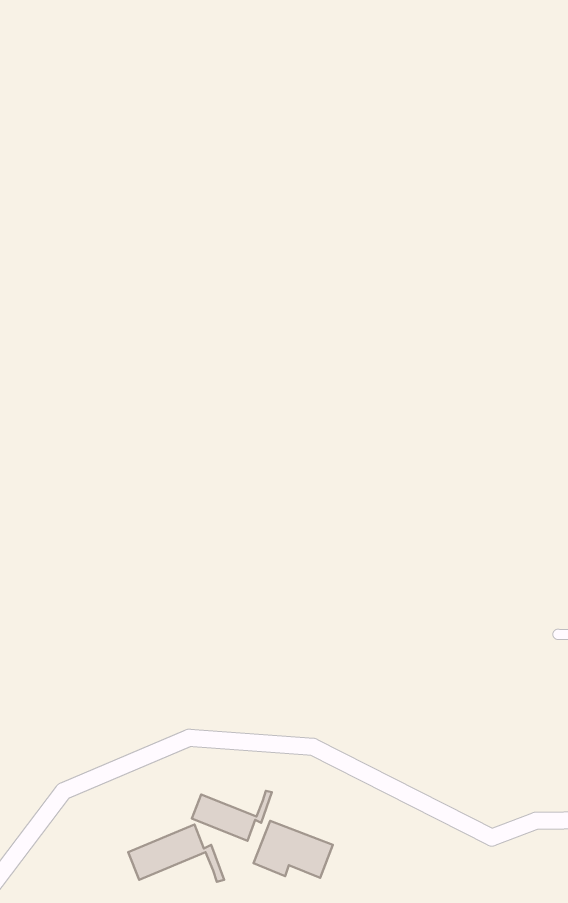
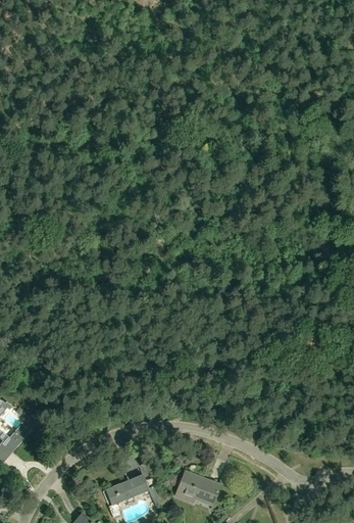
building: [192,791,272,841] -> none

